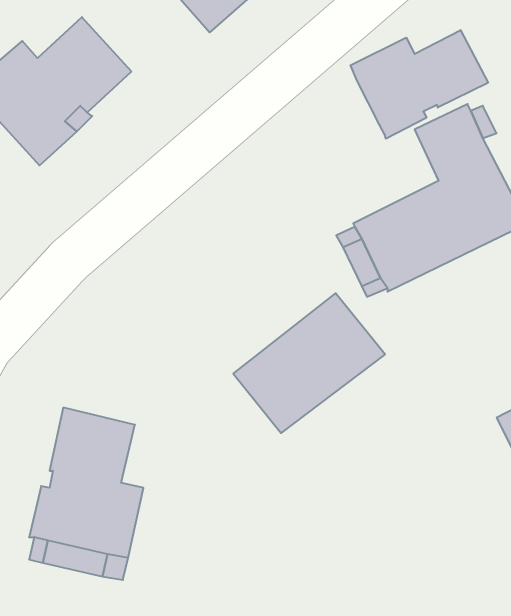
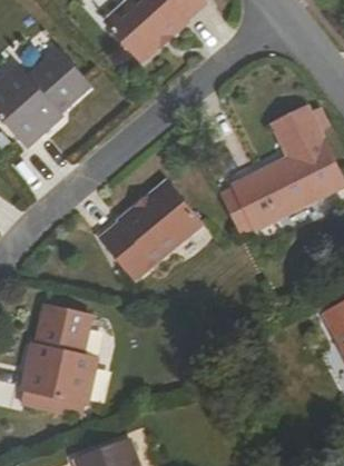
building: [350,30,488,139] -> none
building: [233,293,385,433] -> [99,184,198,275]

